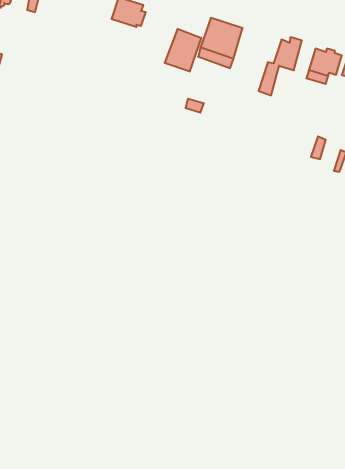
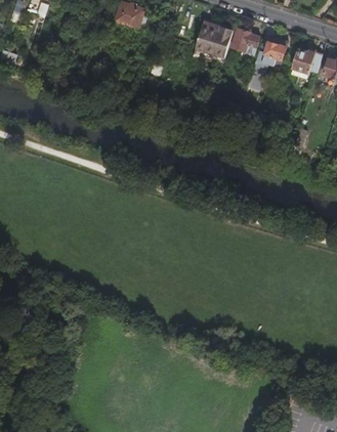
building: none -> [231,27,258,52]
building: [165,29,201,72] -> none

